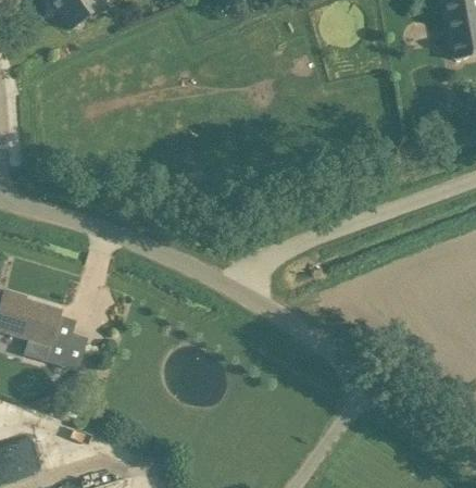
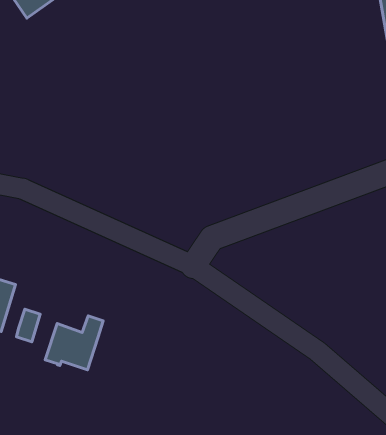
building: none -> [45,316,103,370]

